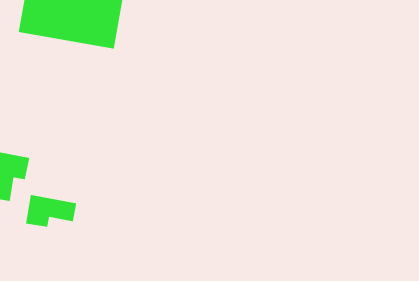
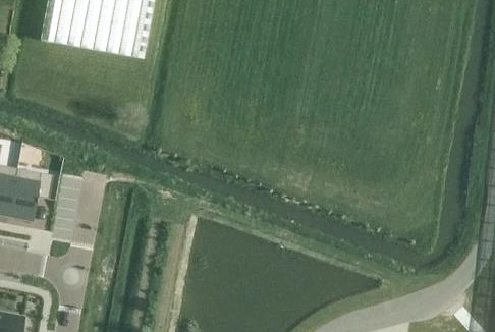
building: [25,194,77,228] -> none

